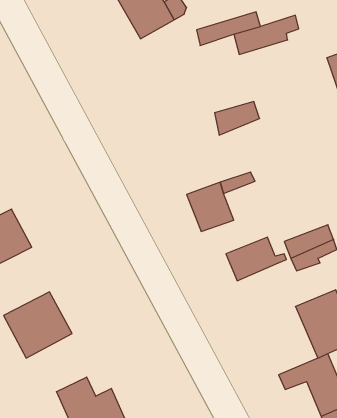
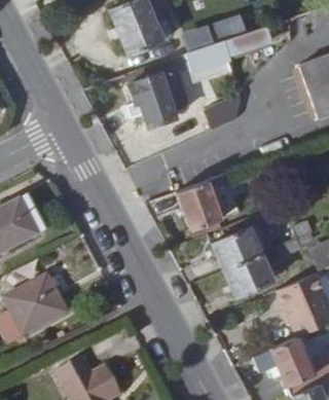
building: none -> [181,42,223,75]
building: none -> [119,68,179,129]
building: none -> [220,252,270,296]

